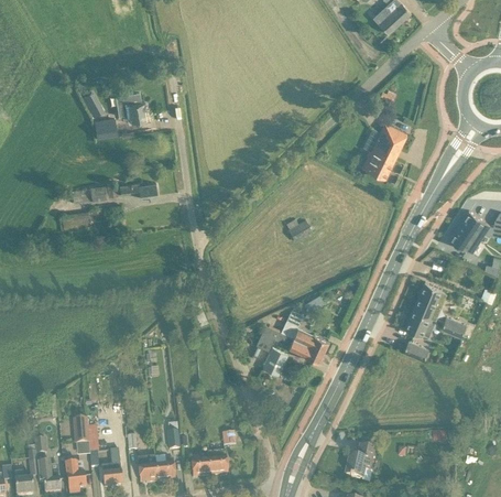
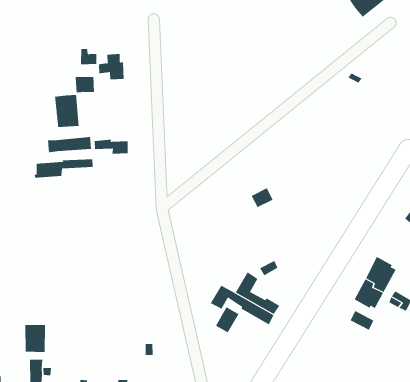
building: [361,122,405,179] -> none
building: none -> [54,94,79,128]
building: none -> [25,324,46,353]

